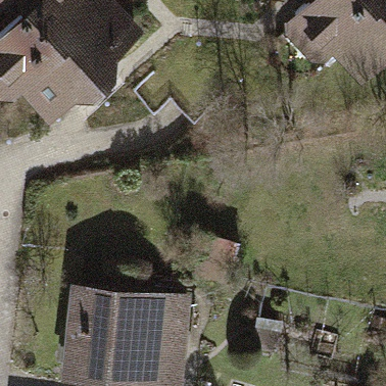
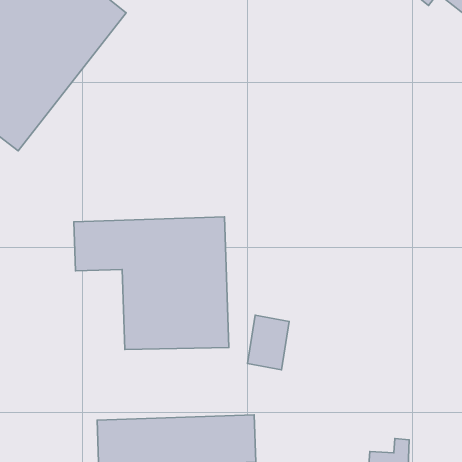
building: none -> [74,217,229,349]

